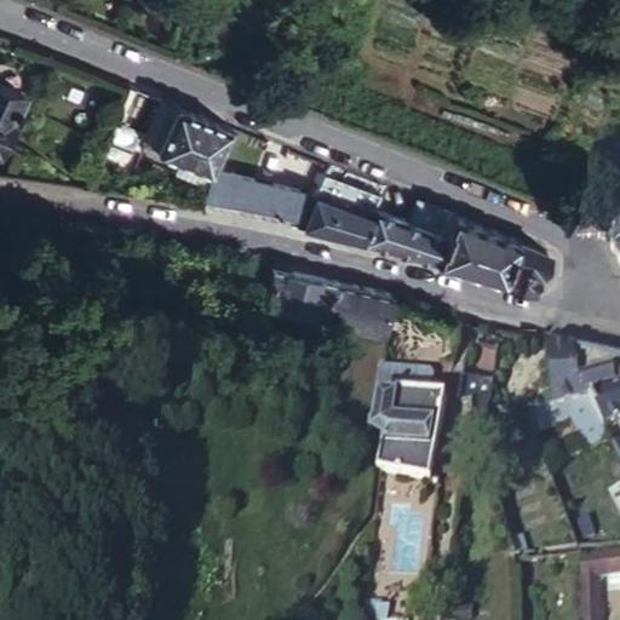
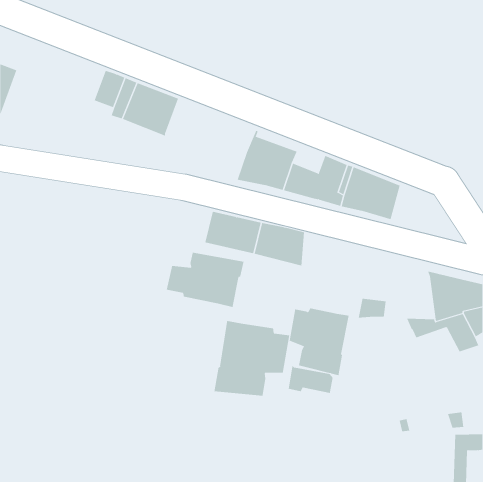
building: [202,173,315,232] -> none
building: [500,240,542,292] -> none
building: none -> [166,252,244,308]
building: [377,367,435,403] -> [288,365,333,394]
building: none -> [214,320,290,397]

